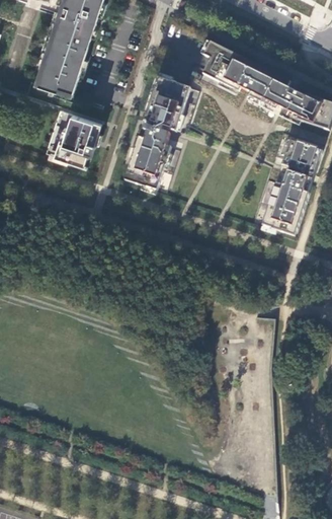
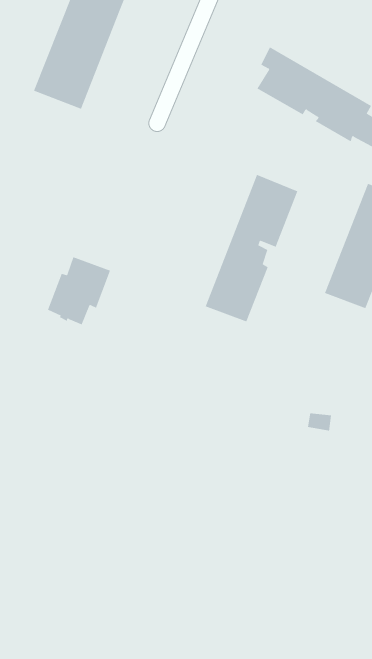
building: [124,76,190,189] -> [205,174,298,322]
building: [55,113,101,164] -> [47,256,111,325]

